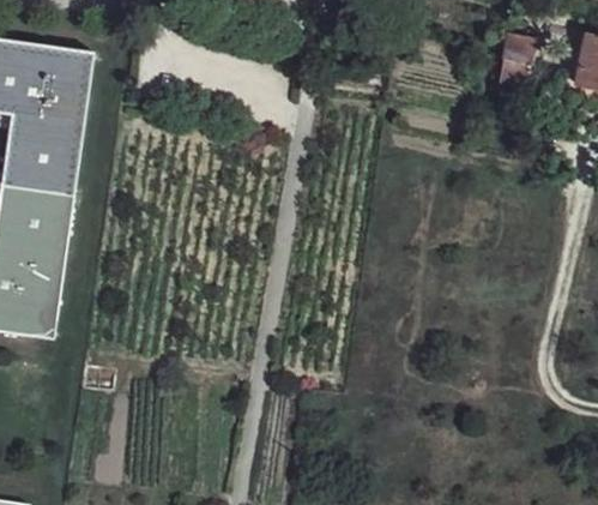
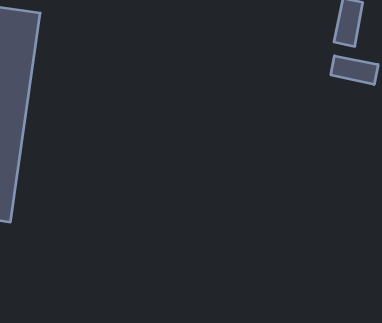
building: none -> [331,56,378,85]

